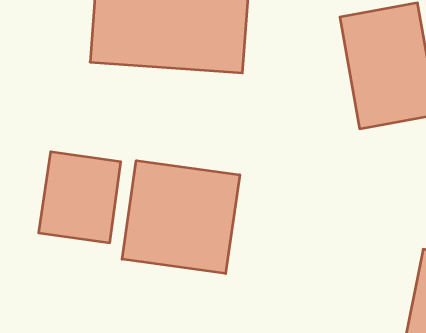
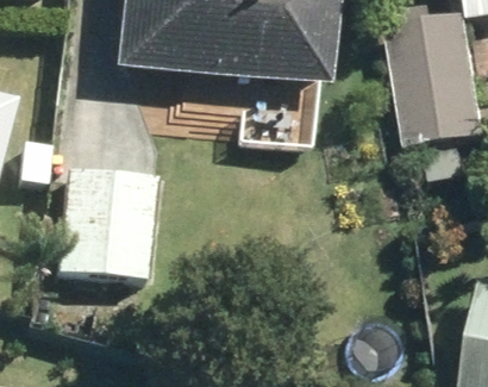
building: [122,161,240,274] -> none

